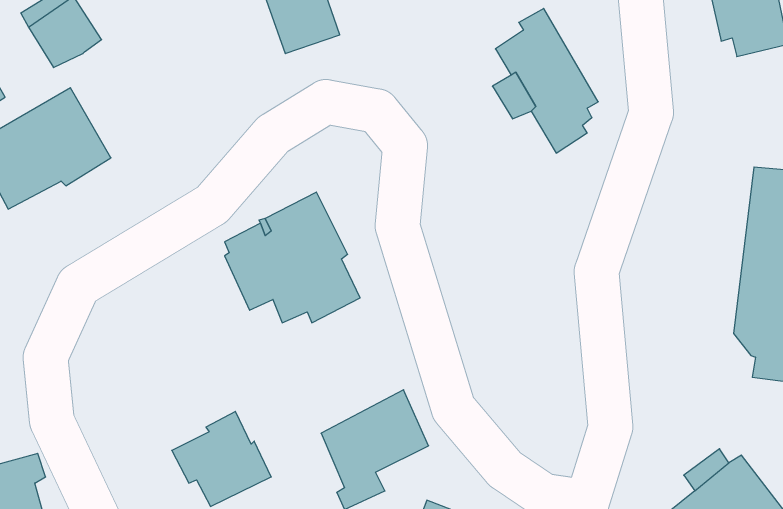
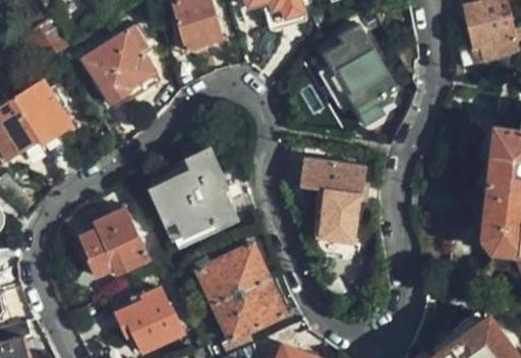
building: none -> [80,26,160,102]
building: none -> [300,160,363,245]
building: none -> [80,208,146,271]
building: none -> [182,245,267,304]

